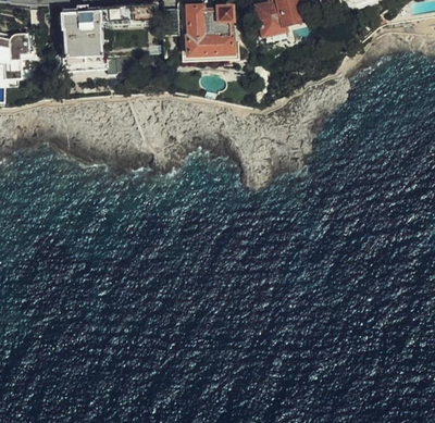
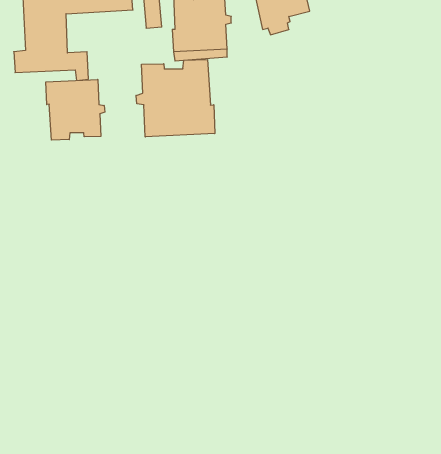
building: none -> [136,60,215,137]
building: none -> [46,79,105,140]

